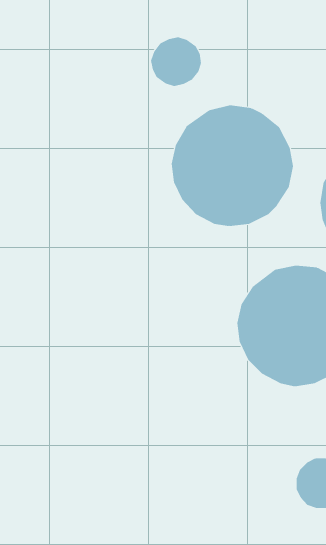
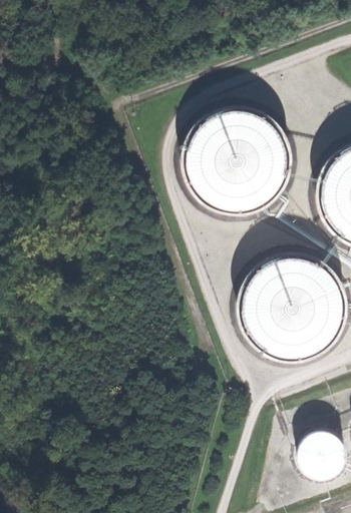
building: [150,36,201,87] -> none

